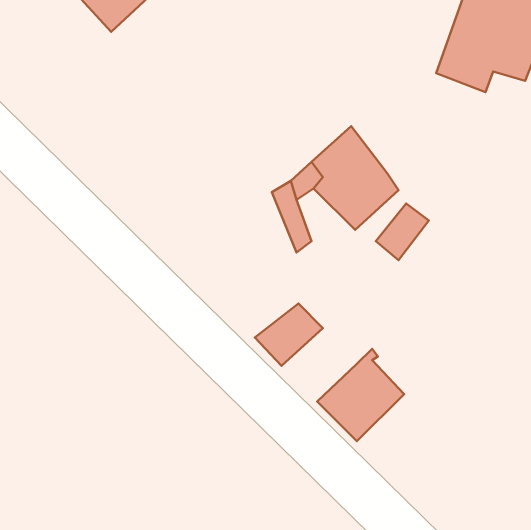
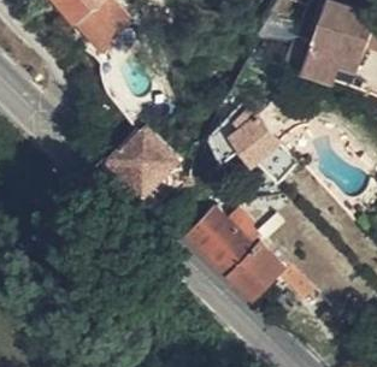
building: none -> [107,124,173,188]
building: none -> [202,231,251,278]

